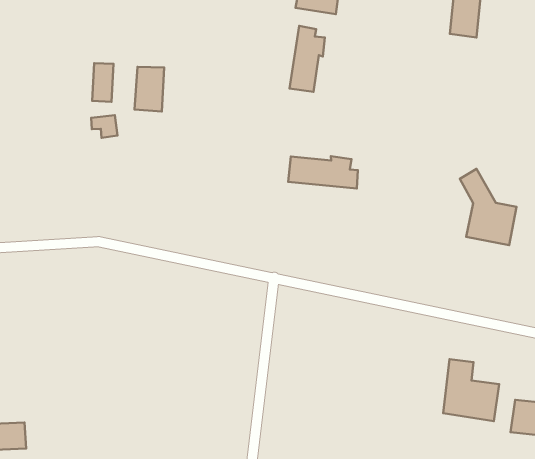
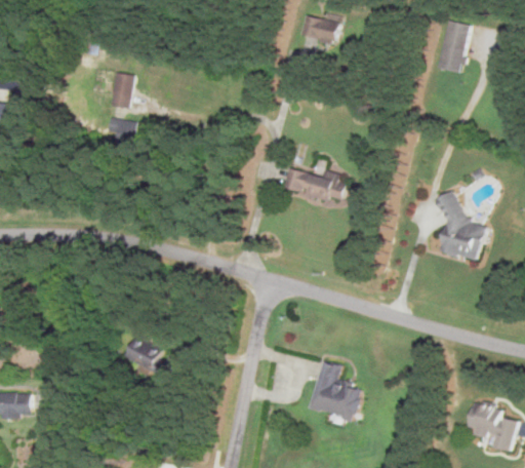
building: [289,26,325,92] -> none
building: [134,67,164,111] -> none
building: none -> [130,341,163,367]
building: [443,359,499,421] -> [310,360,362,419]

